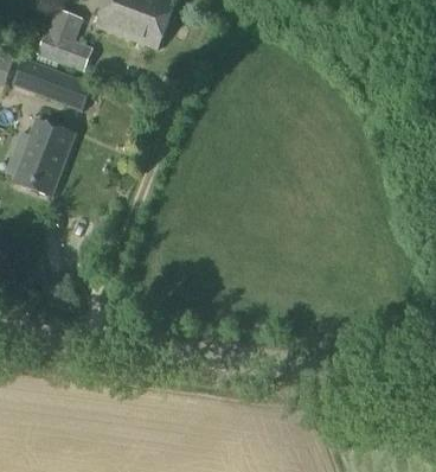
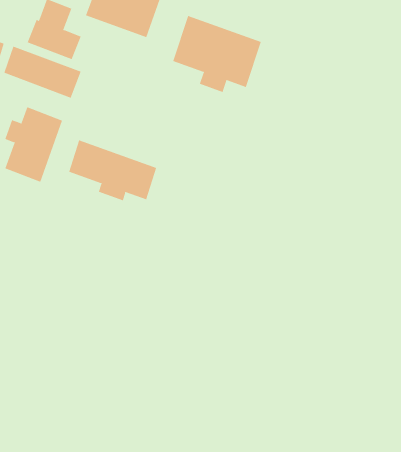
building: none -> [173,15,262,93]
building: none -> [68,140,157,201]

